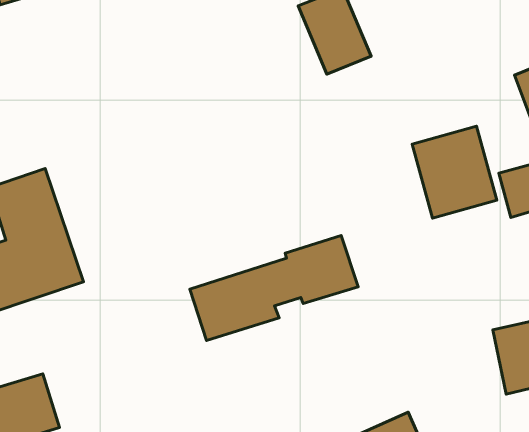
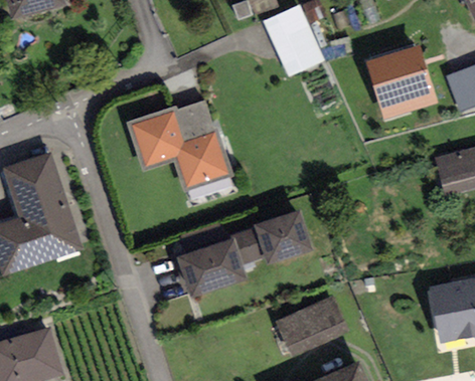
building: none -> [125,101,232,190]
building: [412,126,497,218] -> [366,43,438,121]
building: none -> [274,295,349,359]

